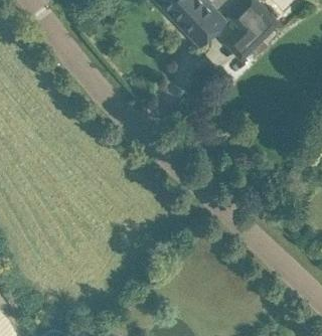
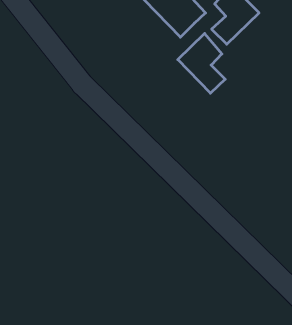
building: none -> [178,33,225,93]

